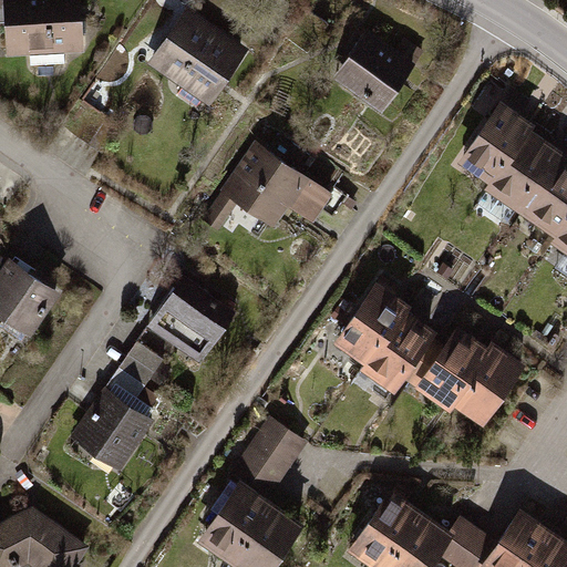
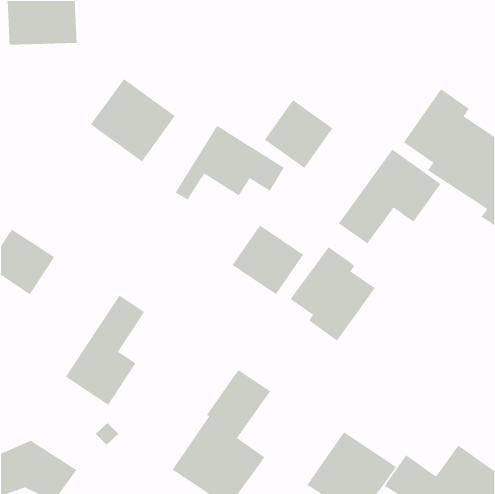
building: [145,11,244,107] -> [90,78,176,162]
building: [337,33,416,113] -> [264,99,334,169]
building: none -> [338,148,442,245]
building: [152,279,235,360] -> [232,224,304,295]
building: [411,328,523,426] -> none

